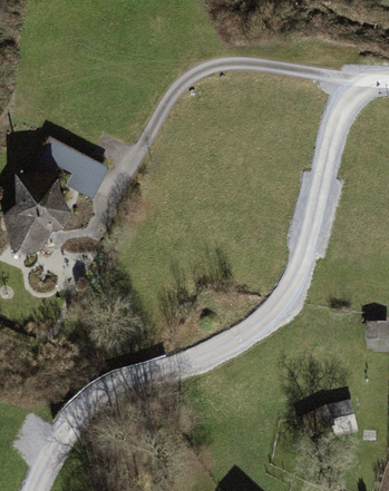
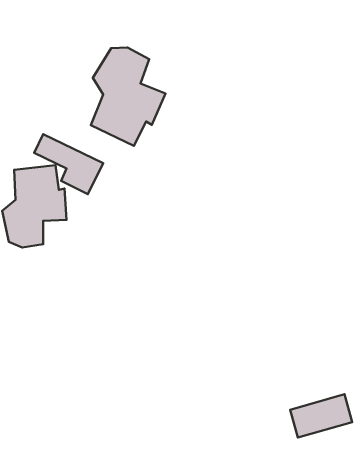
building: none -> [91,48,165,146]

